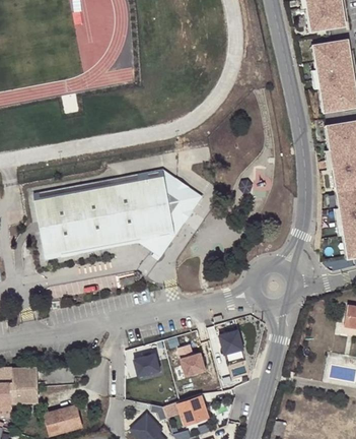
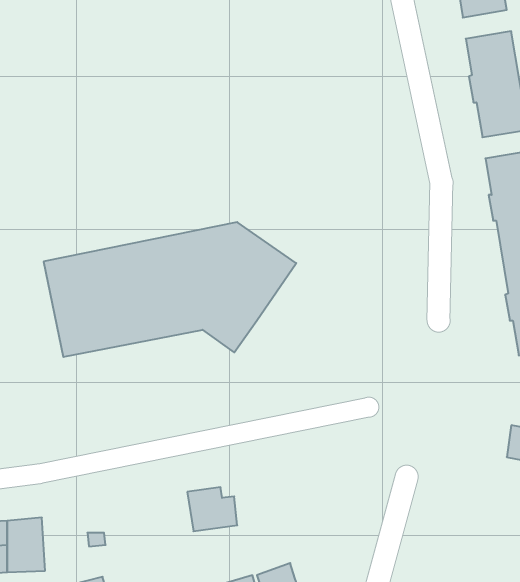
building: [221,329,245,354] -> none
building: [179,344,209,375] -> none

